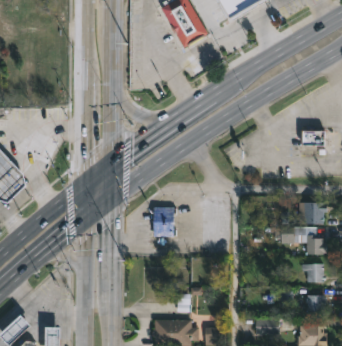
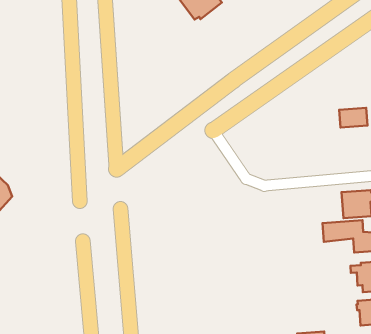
building: [152,207,173,245] -> none

